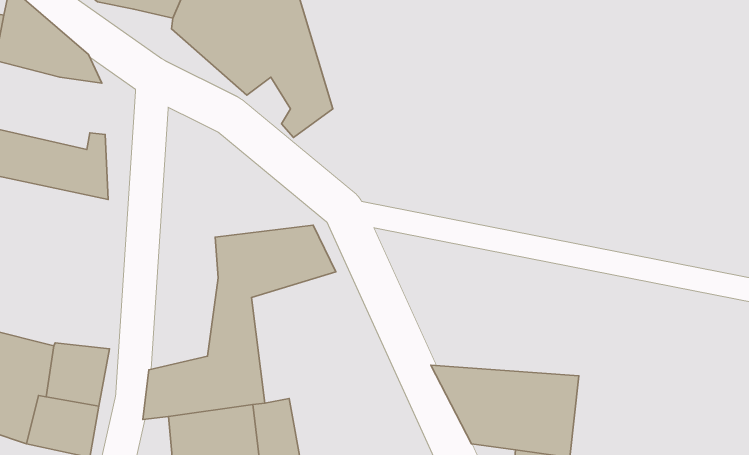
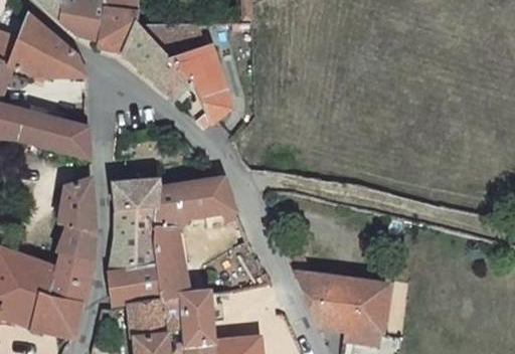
building: none -> [50,180,89,262]
building: none -> [113,188,159,277]

